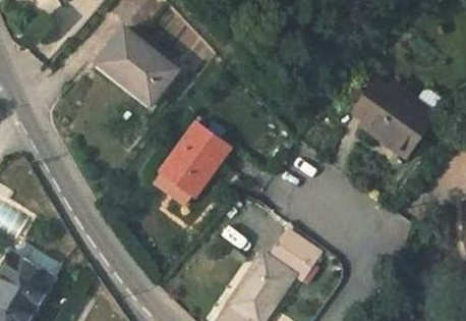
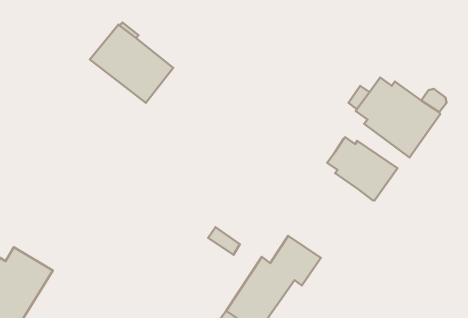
building: [154,121,231,205] -> none
building: none -> [327,137,397,201]

